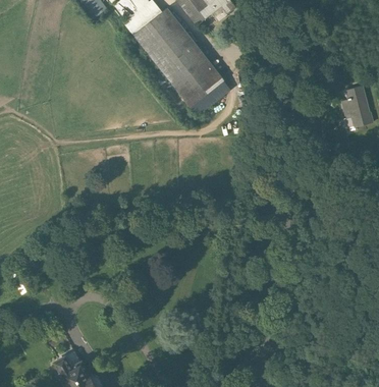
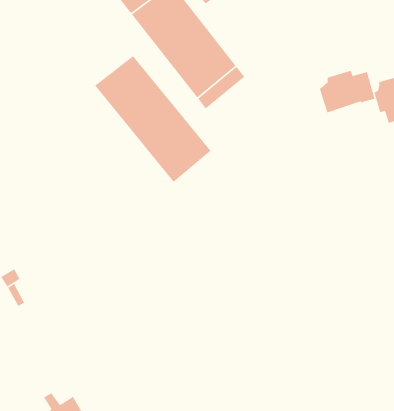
building: none -> [94,55,212,183]
building: none -> [319,70,375,113]

